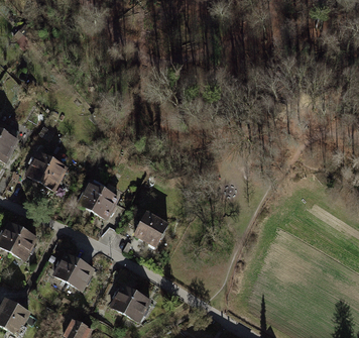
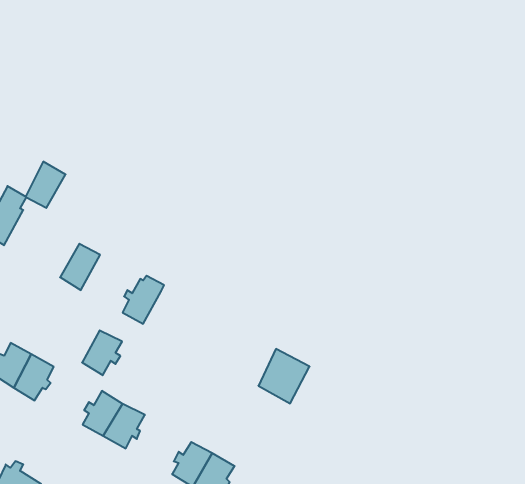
building: [27,151,52,181] -> [26,162,66,208]
building: [93,190,118,218] -> [82,330,122,375]
building: [135,211,167,245] -> [258,349,310,403]

